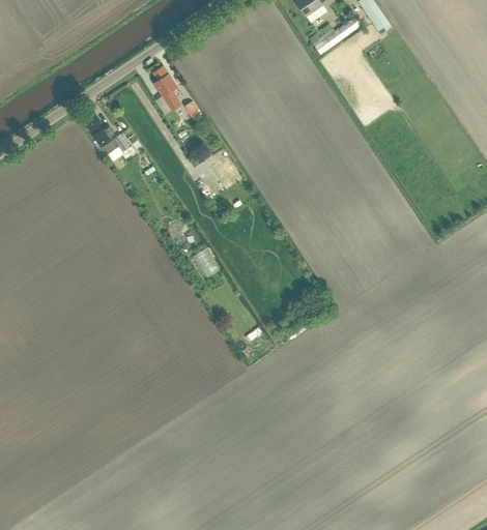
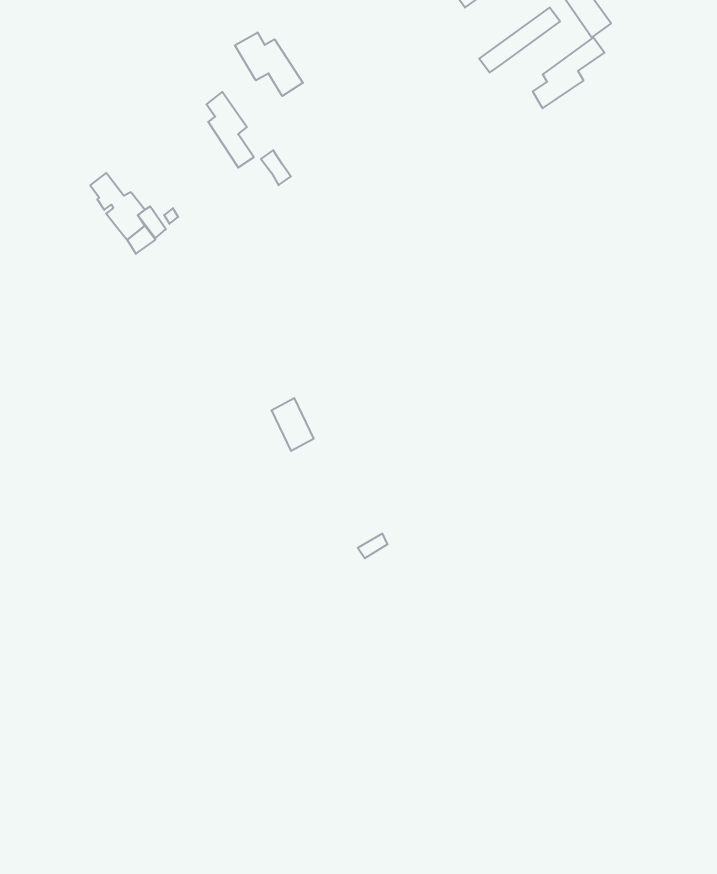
building: none -> [235,32,303,96]
building: none -> [533,38,604,108]

